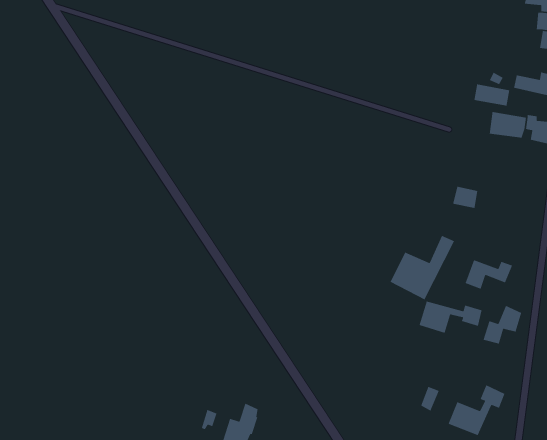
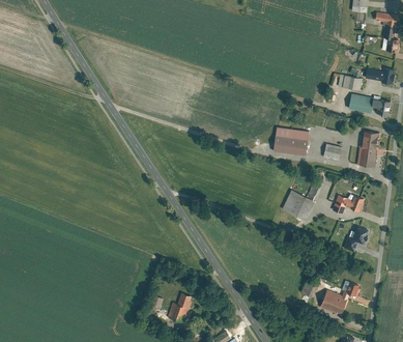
building: none -> [274,127,309,155]
building: none -> [357,131,379,167]
building: [419,301,482,334] -> none

